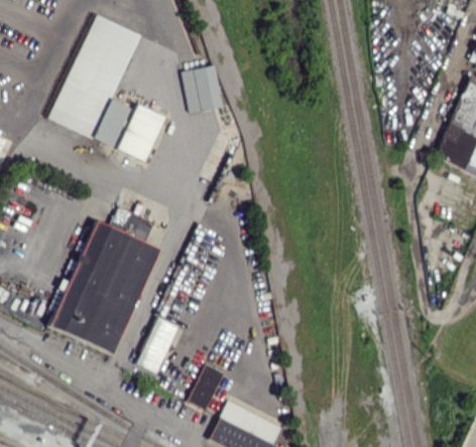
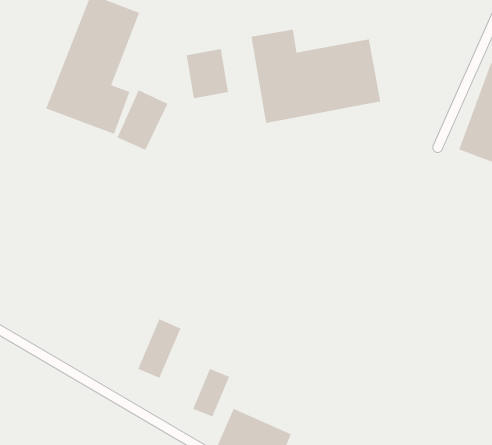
building: none -> [250,29,381,124]
building: [51,206,156,353] -> none

